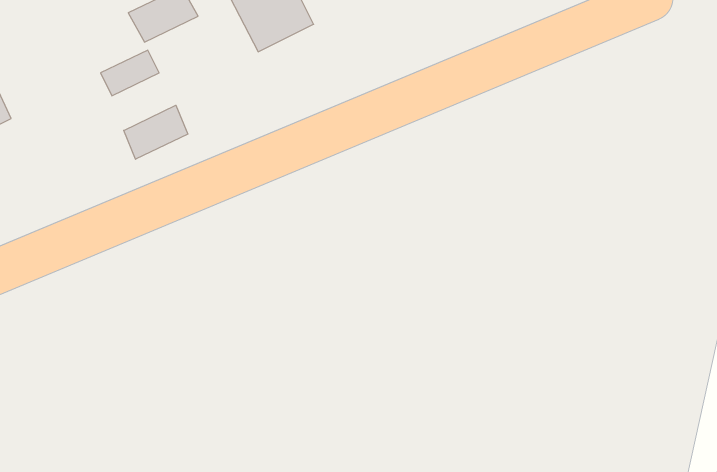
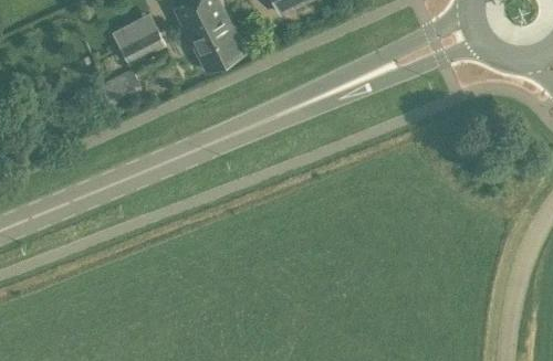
building: [124,105,188,159] -> none

